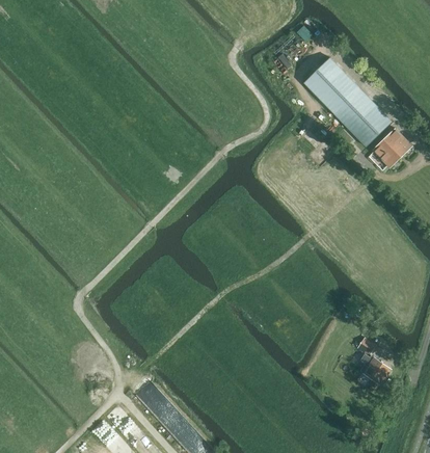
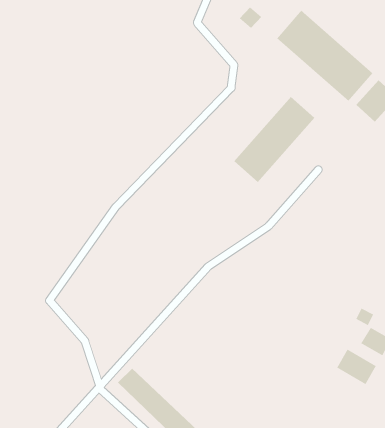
building: none -> [234,96,315,183]
building: none -> [336,349,377,385]

